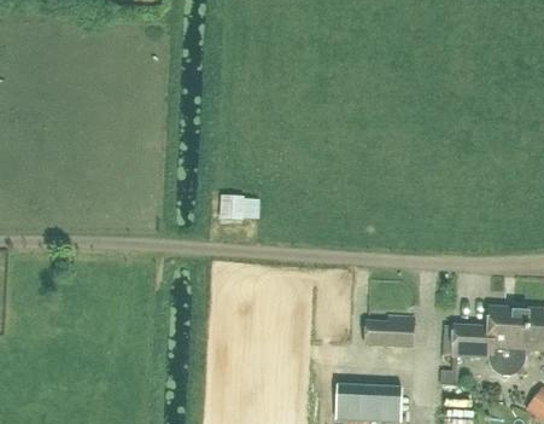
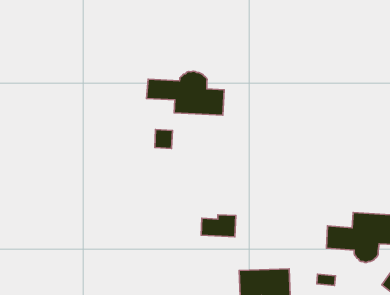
building: none -> [147,71,224,115]
building: [365,316,413,347] -> [201,215,236,237]

